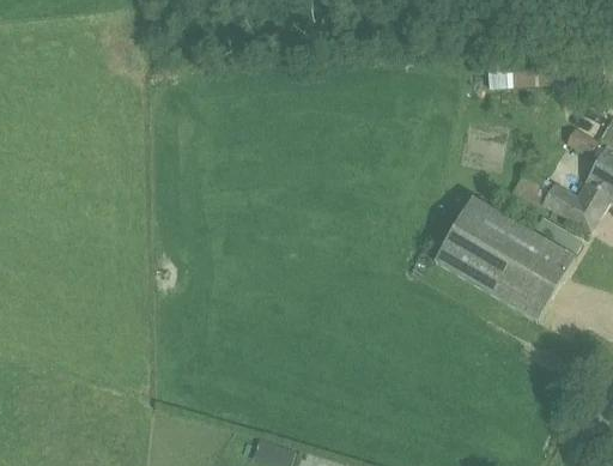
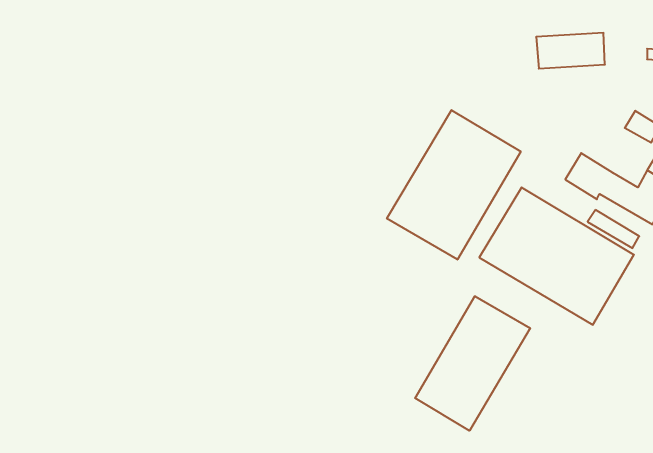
building: none -> [387,110,521,260]
building: none -> [415,296,530,431]

